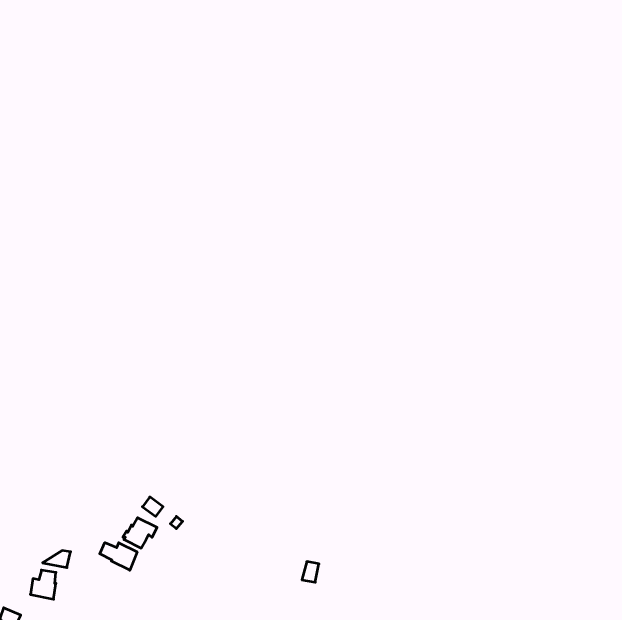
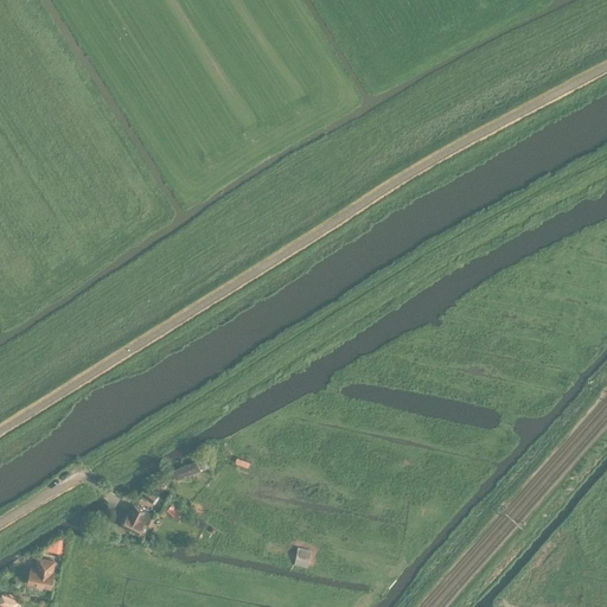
building: [100,543,137,570] -> none

